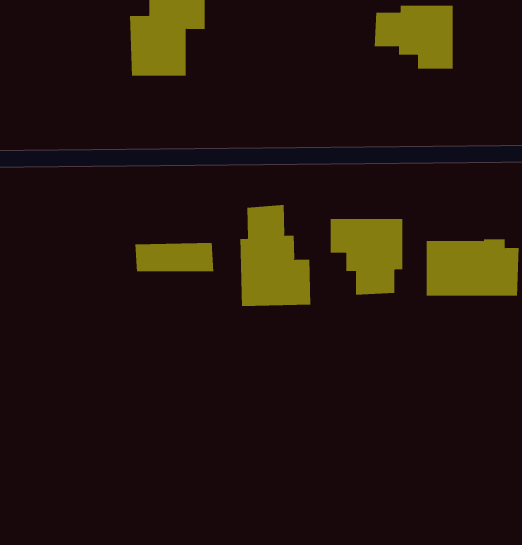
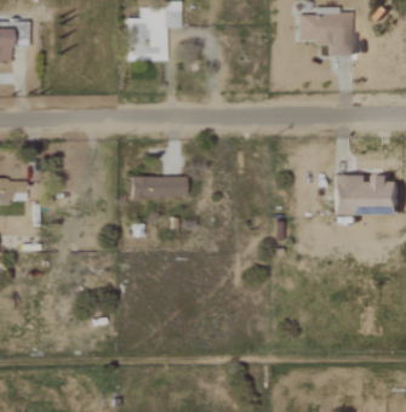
building: [240,204,311,307] -> none
building: [330,218,403,295] -> none

